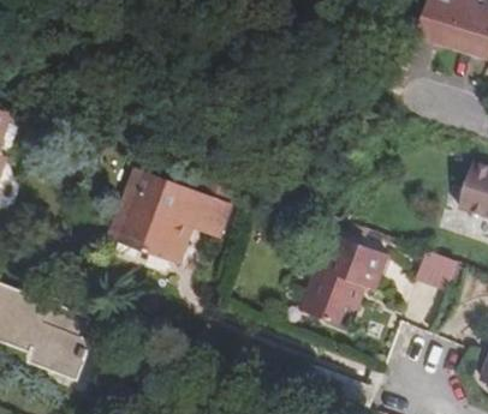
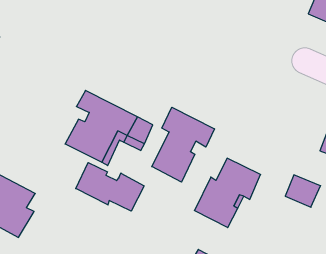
building: none -> [152,107,214,182]
building: none -> [76,163,144,211]

